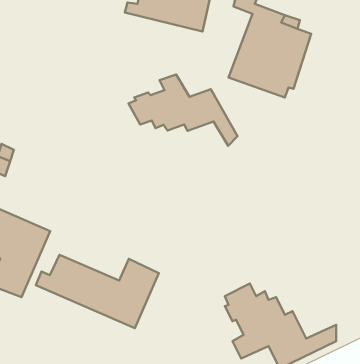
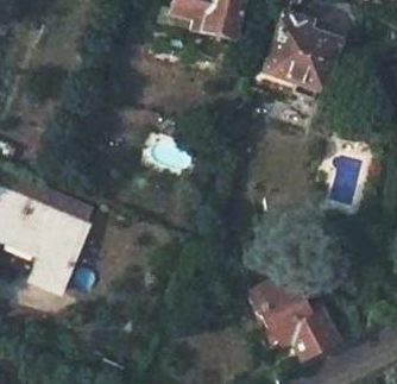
building: [128,74,238,146] -> none
building: [36,255,159,328] -> none

